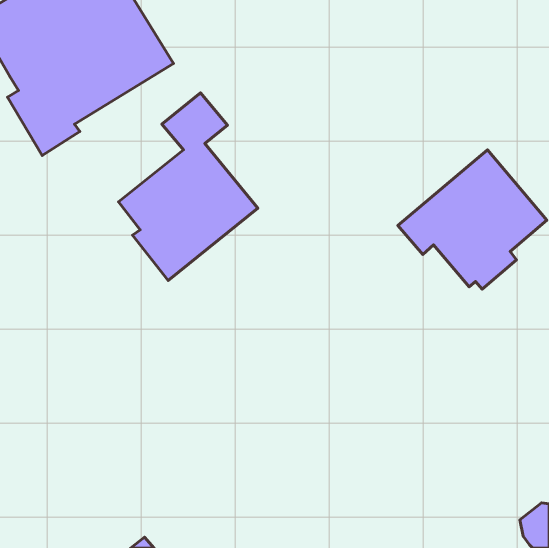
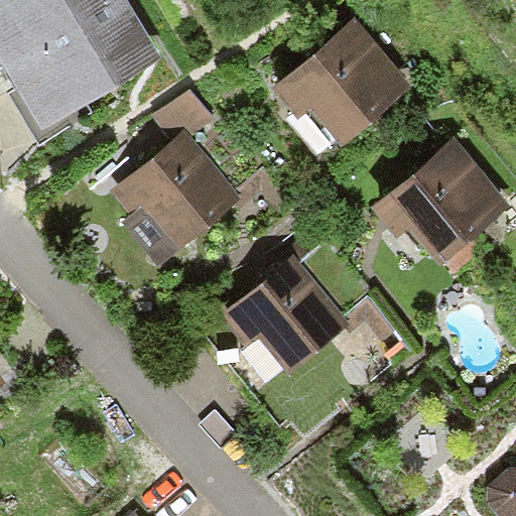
building: none -> [273,26,406,144]
building: none -> [216,255,347,370]

